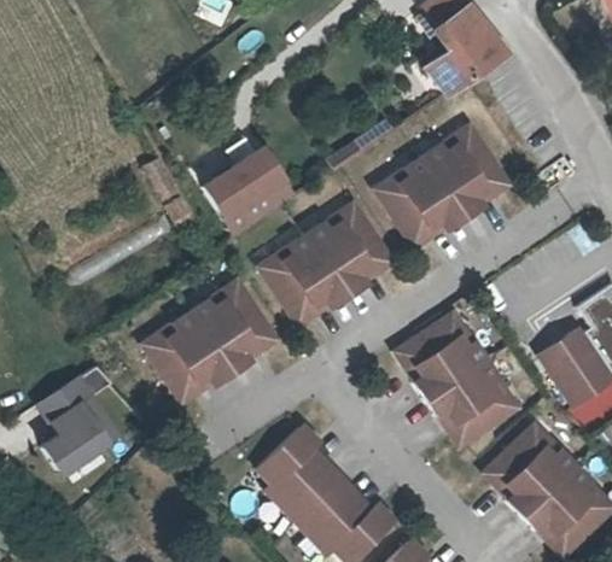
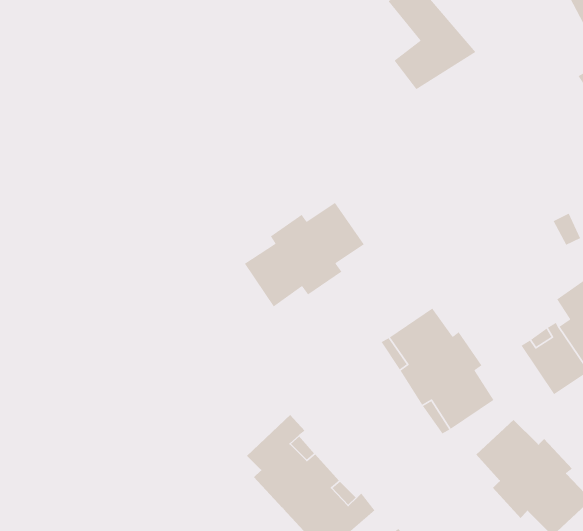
building: [380,128,503,235] -> none
building: [205,145,301,233] -> none
building: [146,288,269,396] -> none
building: [39,364,127,478] -> none

